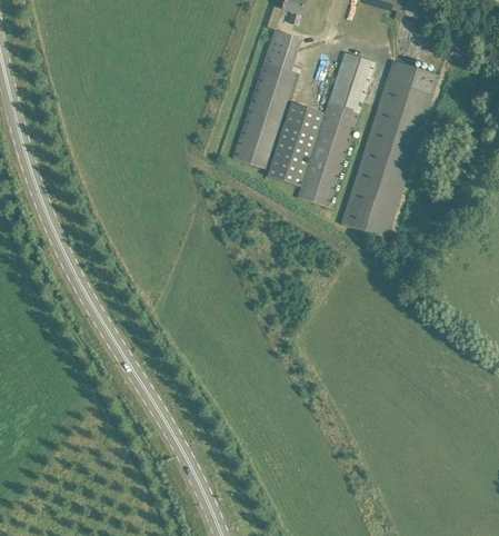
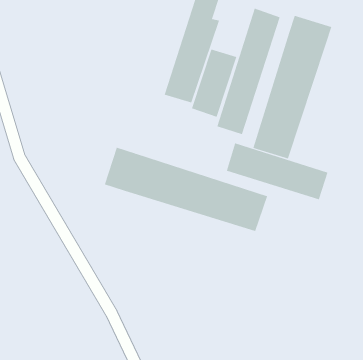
building: none -> [226,143,328,200]
building: none -> [104,147,268,232]

